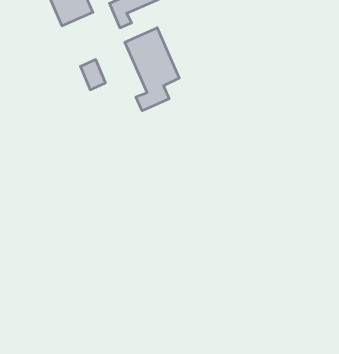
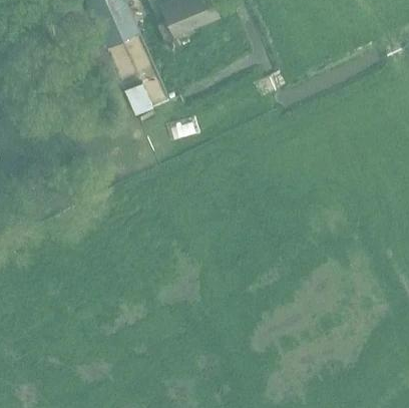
building: [125,28,179,111] -> none

